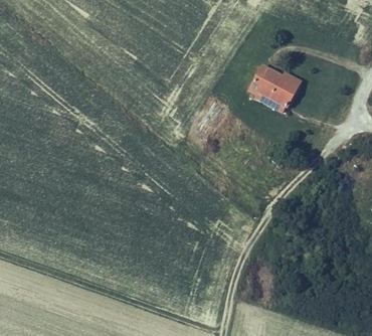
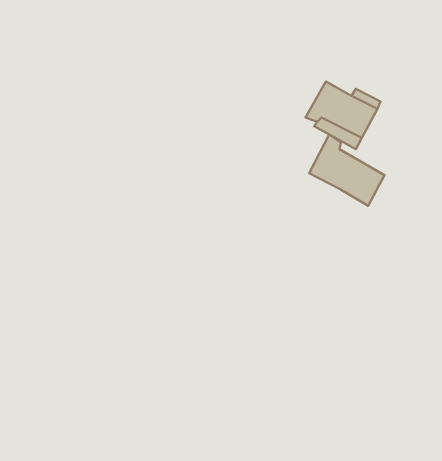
building: none -> [309,134,384,206]

